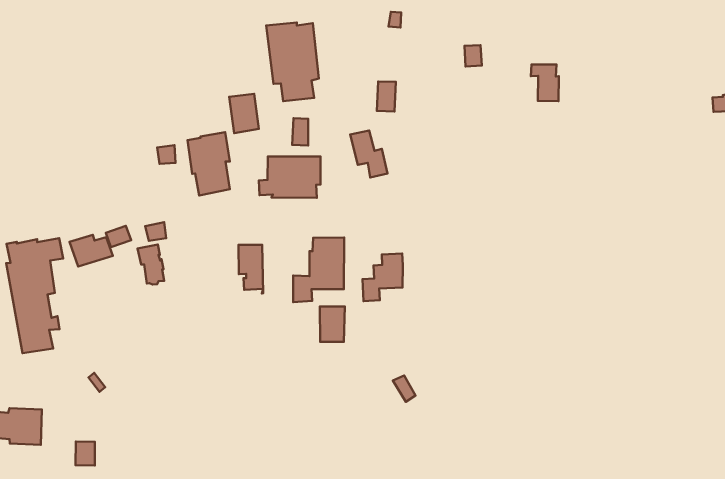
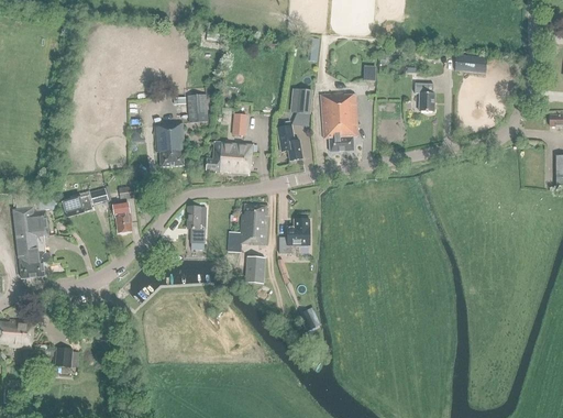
building: [266,22,319,101] -> [320,92,357,151]
building: none -> [454,54,486,73]

